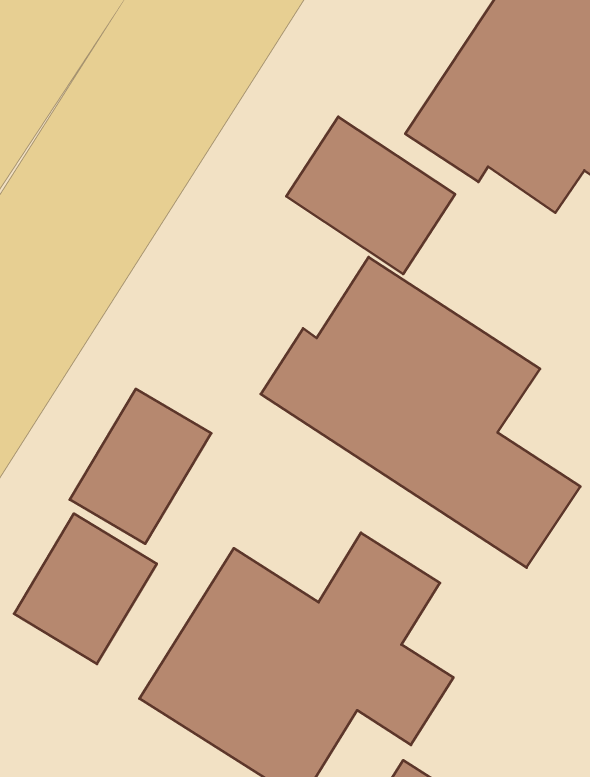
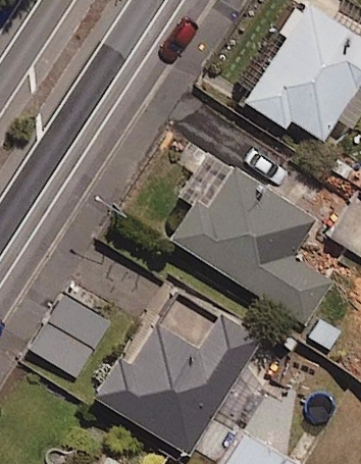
building: [286,117,455,274] -> none
building: [70,389,211,544] -> none

